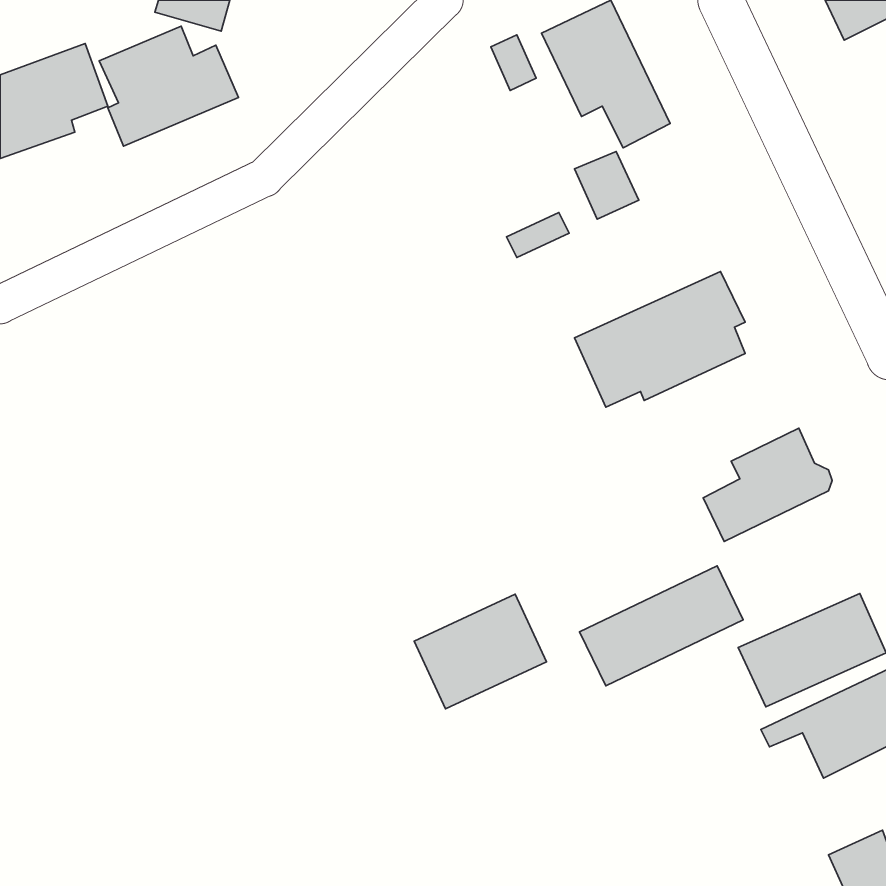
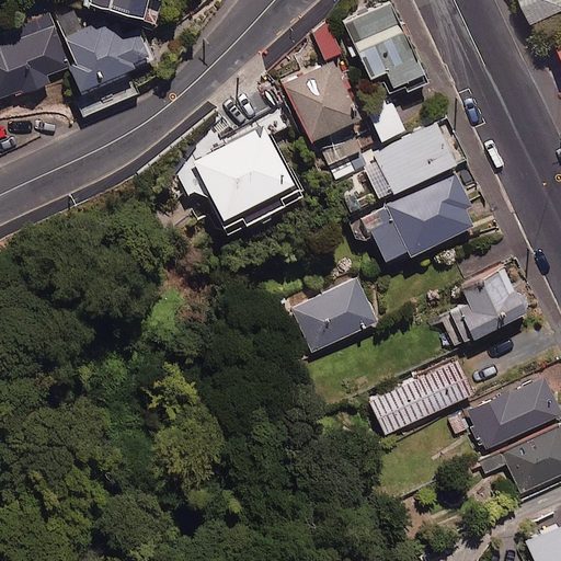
building: none -> [282,60,357,139]
building: none -> [374,123,454,192]
building: none -> [191,125,298,229]
building: [414,594,547,709] -> [293,277,376,350]

